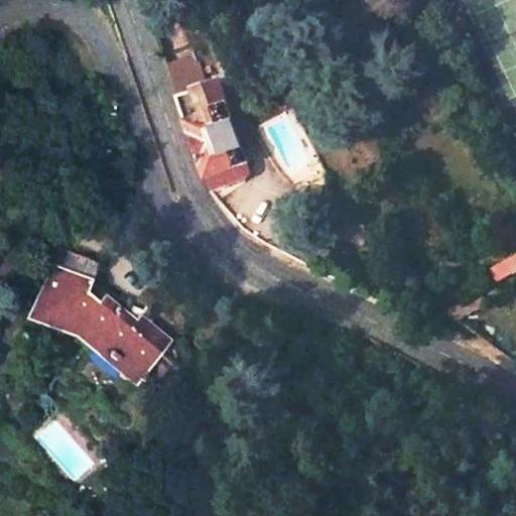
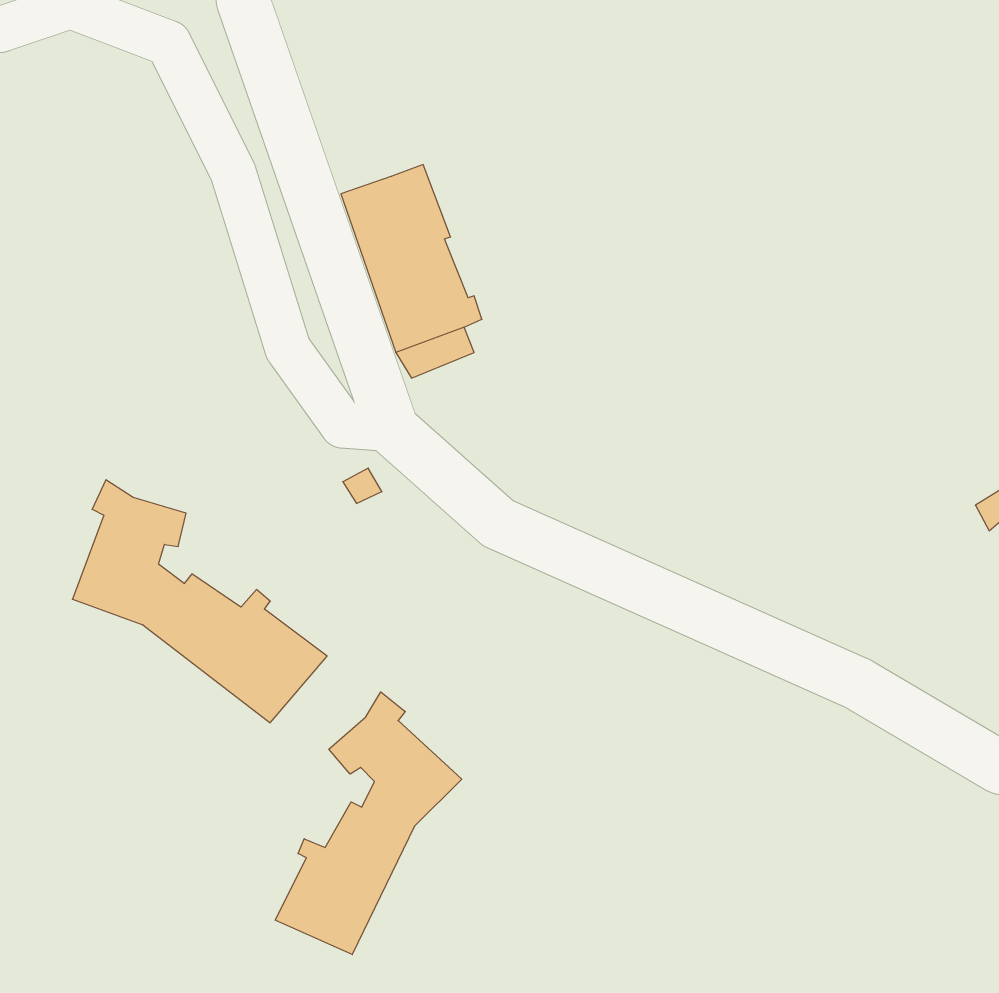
building: [165,61,203,104] -> none
building: none -> [275,692,462,955]

